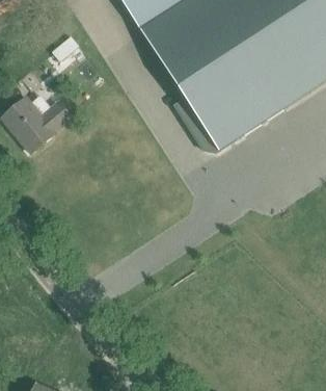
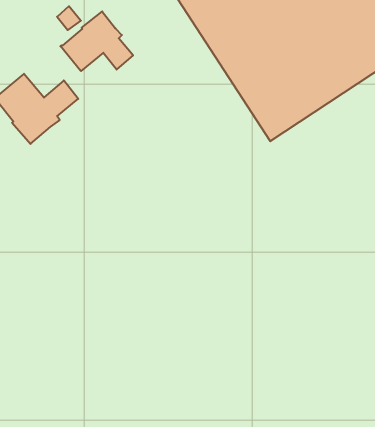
building: none -> [60,11,133,71]

